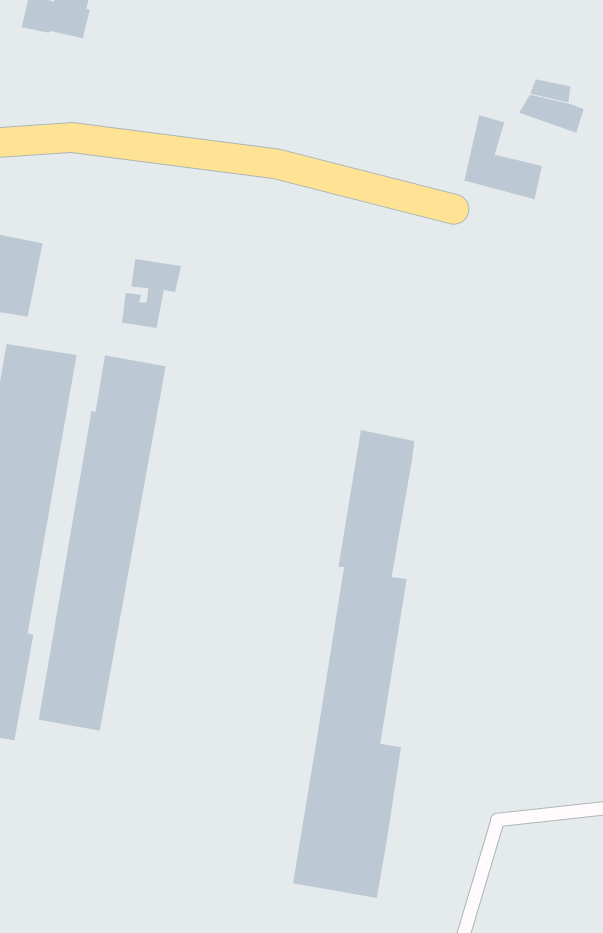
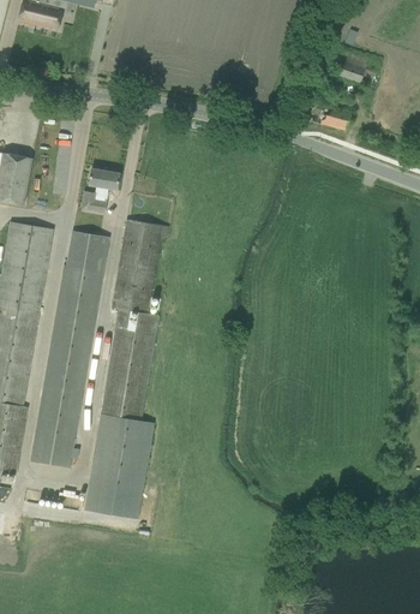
building: [292,429,415,898] -> [84,220,162,518]

